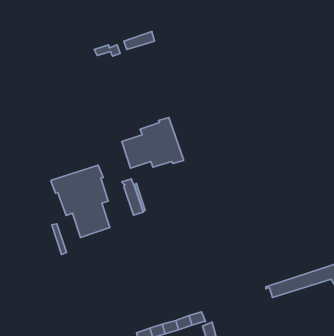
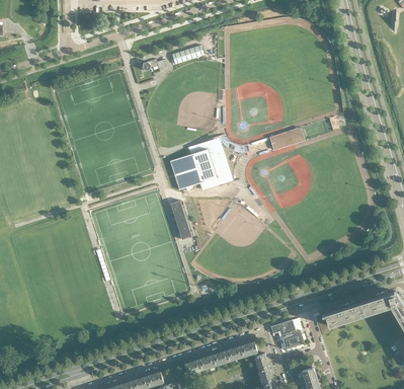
building: [51,165,110,238] -> none
building: none -> [276,320,304,349]

